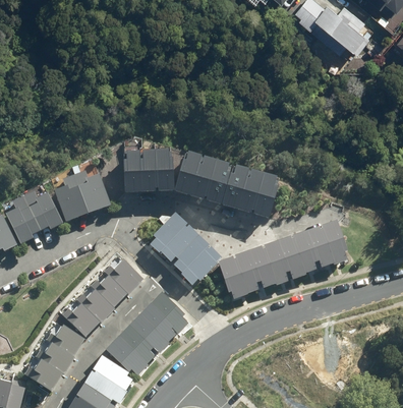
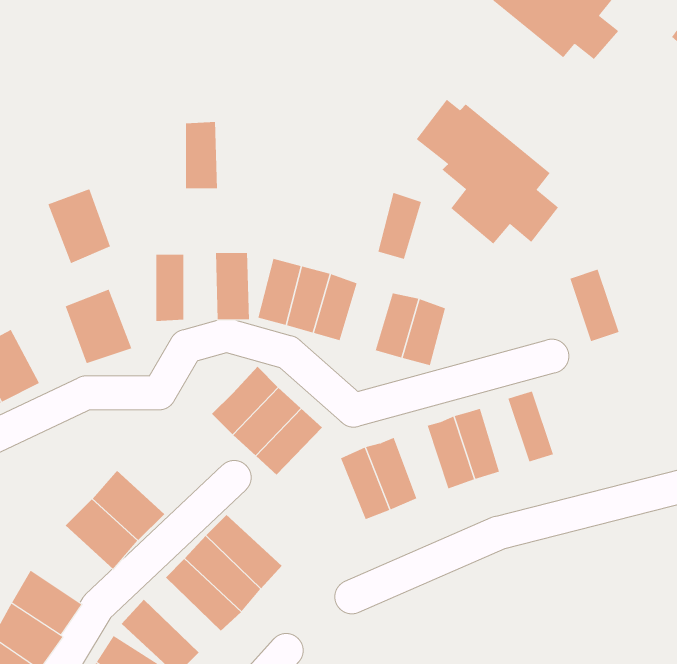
building: none -> [416,99,559,244]
building: [137,154,155,189] -> [185,121,218,189]
building: [224,170,247,206] -> [377,192,422,260]
building: [52,182,85,222] -> [47,189,111,264]
building: [322,222,348,260] -> [569,269,619,342]
building: [294,231,320,270] -> none
building: [248,245,277,284] -> none
building: [186,246,221,282] -> none
building: [102,254,140,292] -> none
building: [61,298,100,336] -> none
building: [117,326,157,365] -> none

